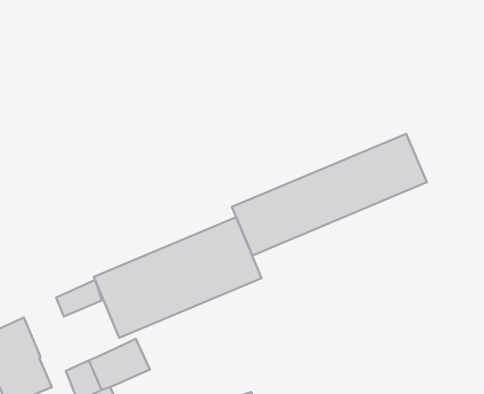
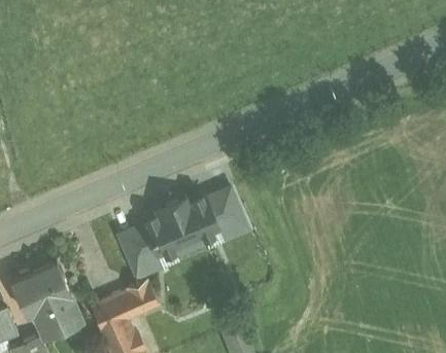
building: [232,134,427,255] -> none
building: [56,281,102,317] -> none

